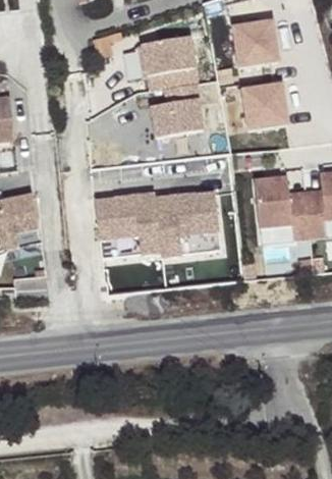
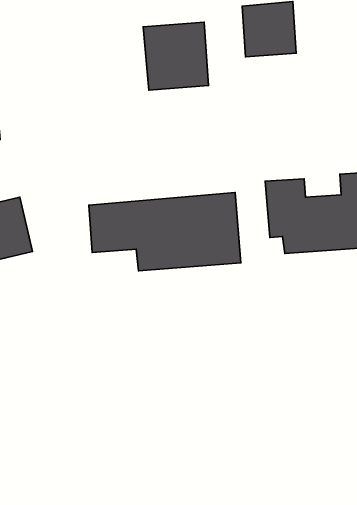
building: [233,78,287,130] -> none
building: [145,94,202,138] -> none

